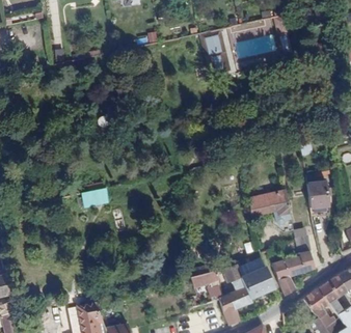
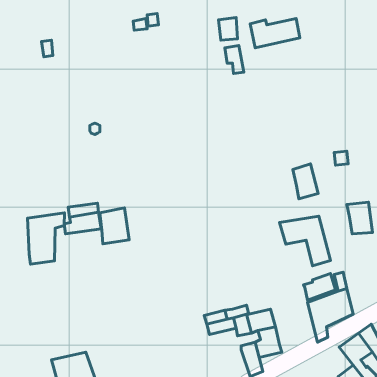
building: none -> [293,164,318,199]
building: none -> [100,208,129,244]
building: none -> [27,213,65,264]
building: [246,265,277,299] -> none

